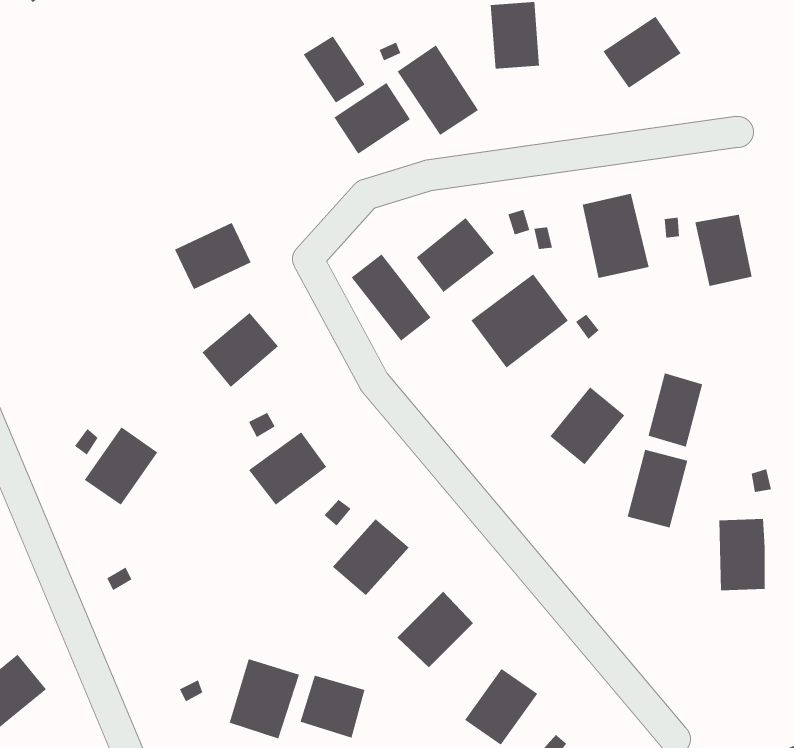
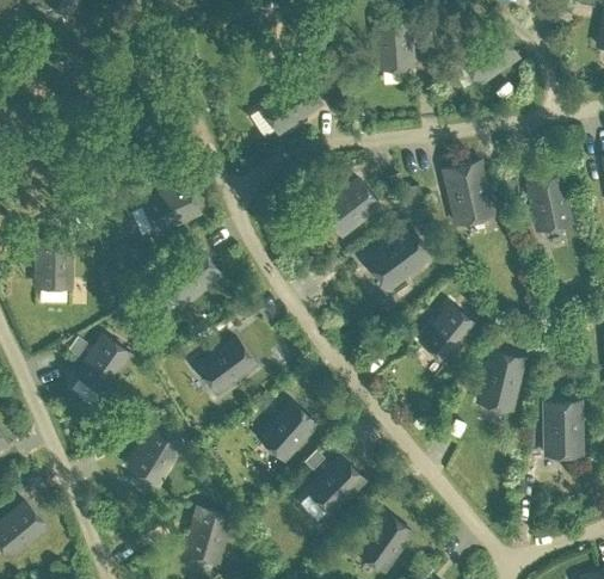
building: [303,36,365,103] -> none
building: [397,45,479,136] -> none
building: [351,254,432,341] -> none
building: none -> [37,242,70,290]
building: [648,373,703,447] -> none
building: none -> [128,429,181,486]
building: [300,675,365,739] -> none

